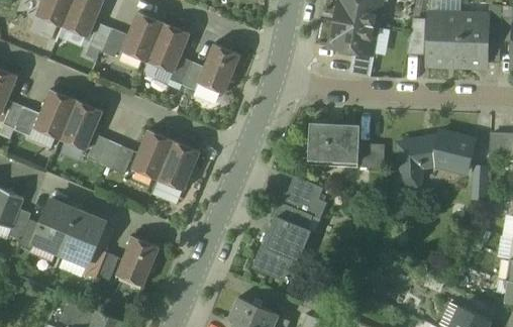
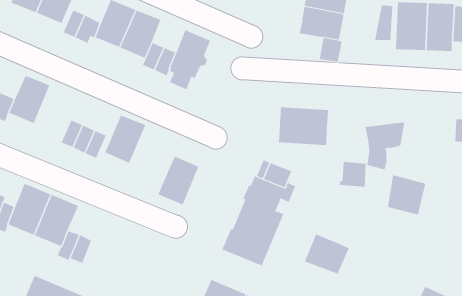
building: [60,100,102,150] -> none
building: [433,131,473,173] -> [388,175,426,215]
building: [157,140,199,191] -> [157,156,199,205]
building: [354,142,383,169] -> [339,161,366,187]
building: [116,236,159,287] -> none
building: none -> [304,233,349,275]

